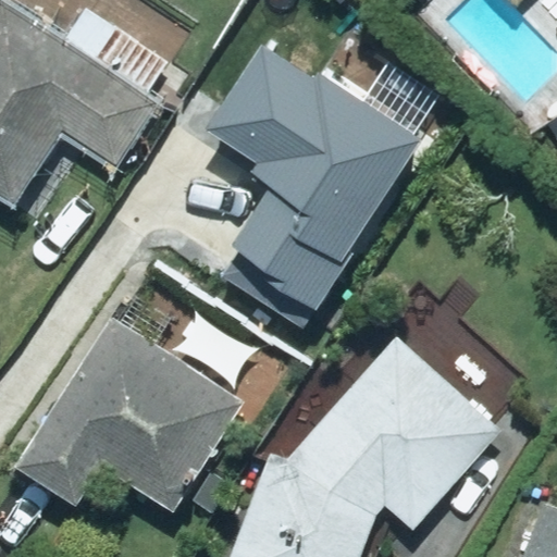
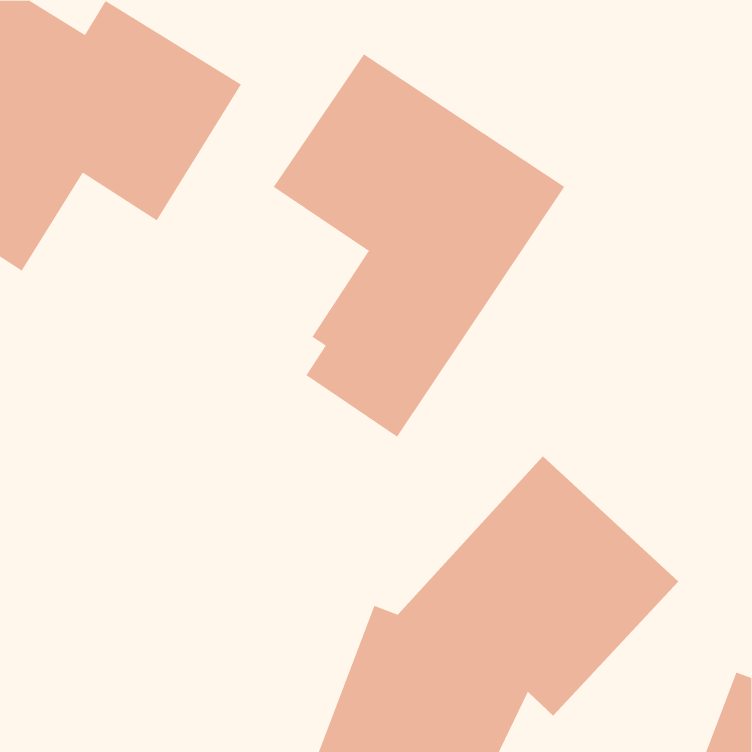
building: [22,315,243,509] -> none

